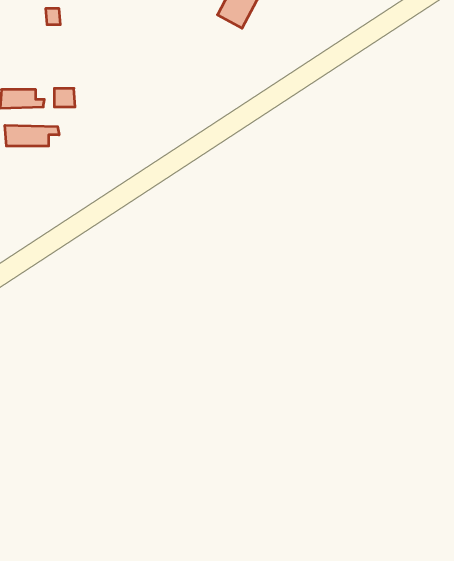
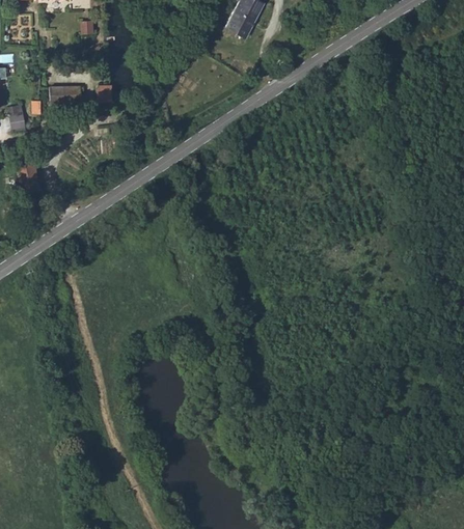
building: [5,125,59,146] -> none

